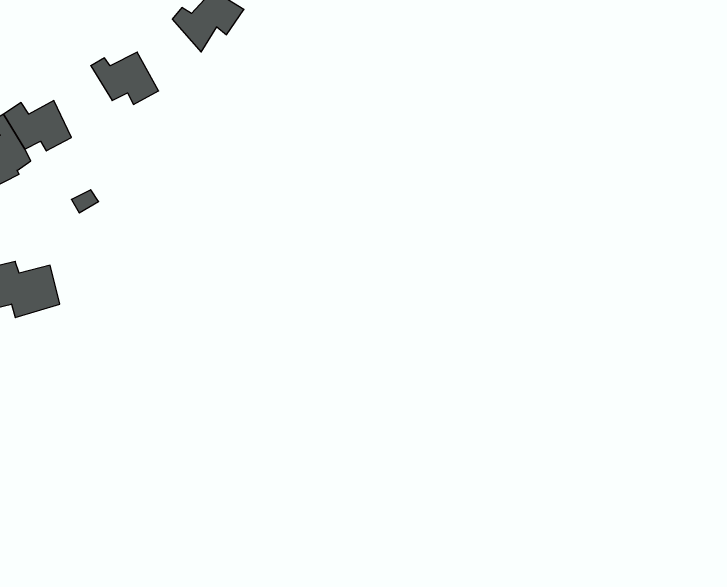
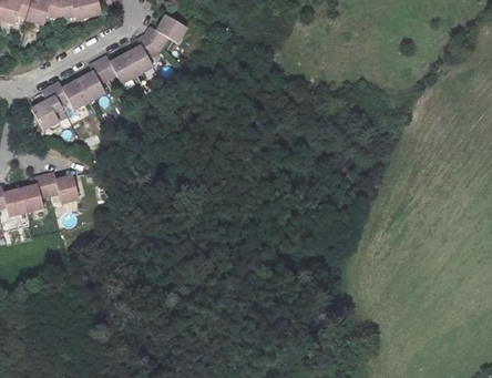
building: none -> [125,33,162,74]
building: none -> [78,60,111,101]

